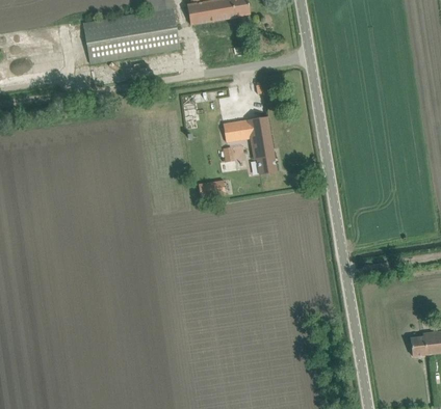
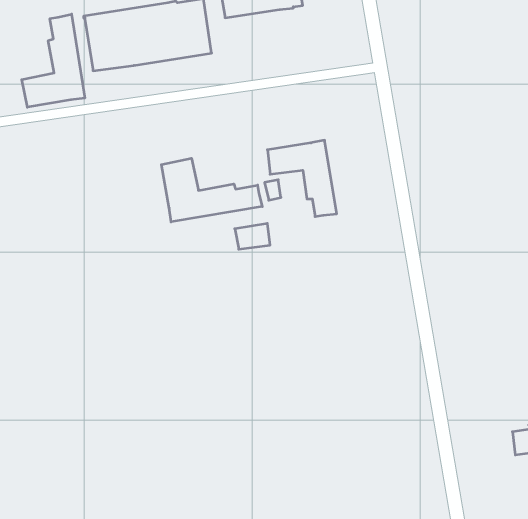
building: none -> [22,14,85,107]
building: none -> [161,158,262,222]

